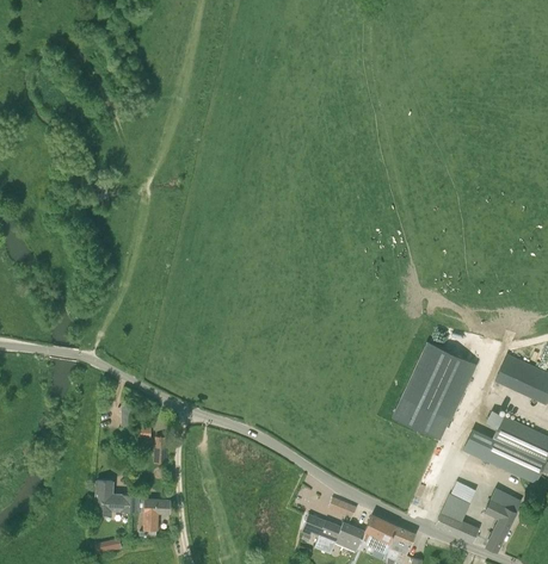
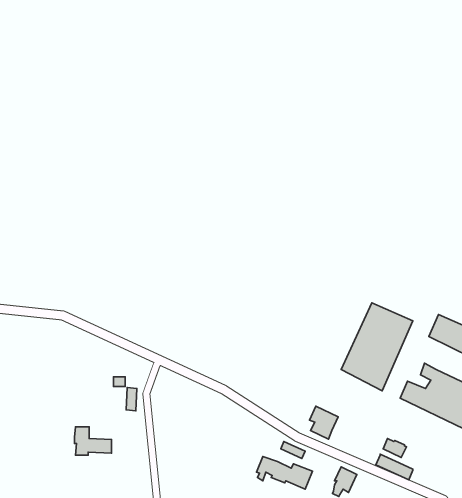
building: [485,489,522,551] -> none
building: [137,500,170,538] -> none
building: [364,515,396,552] -> [310,406,338,439]

